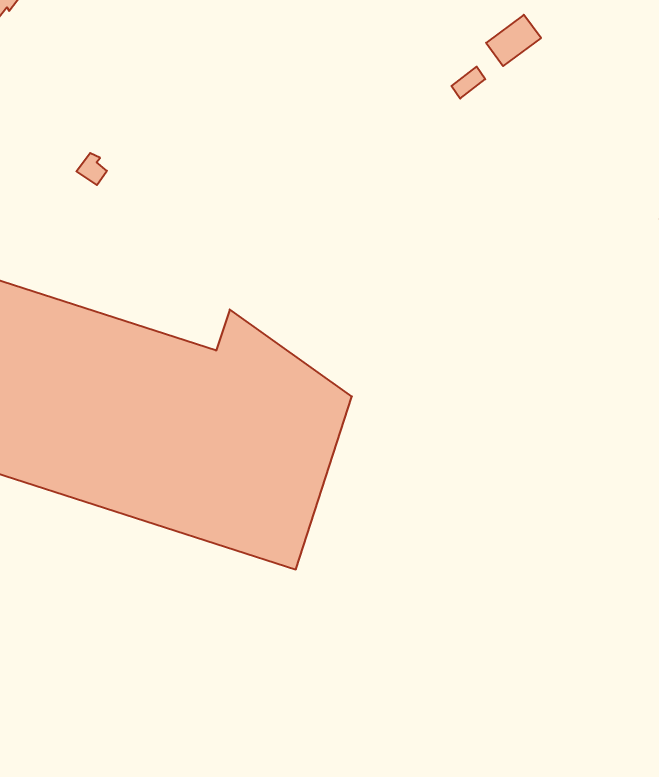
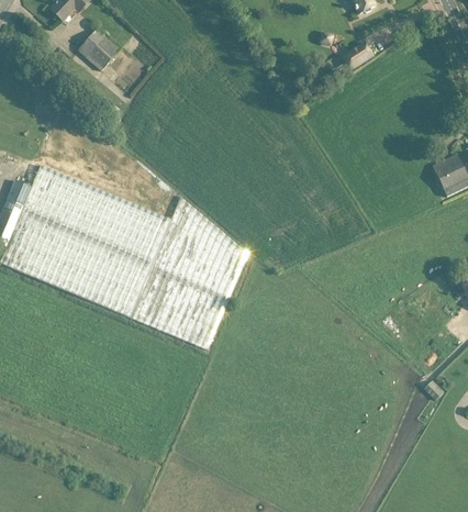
building: none -> [77,29,120,70]

